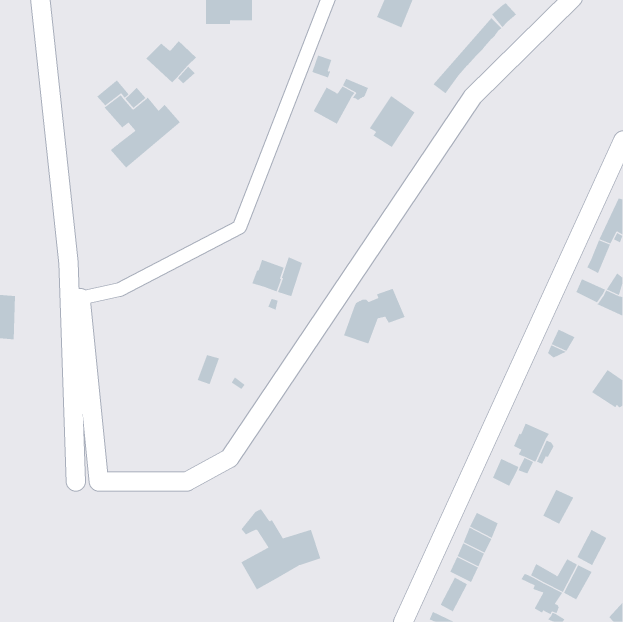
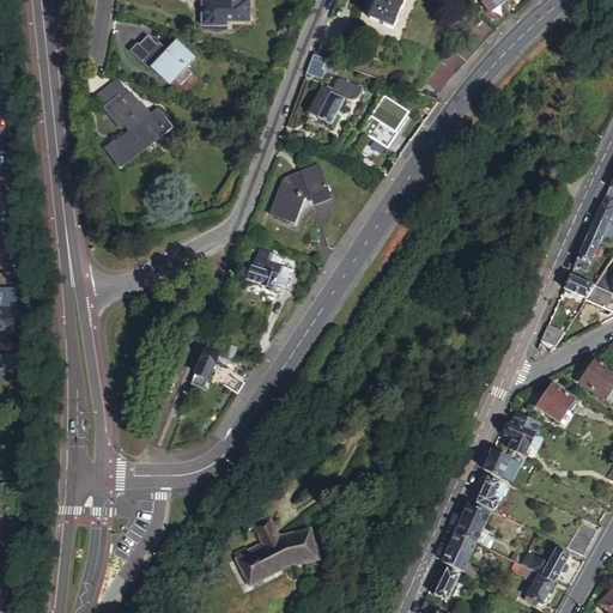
building: [343,288,405,344] -> [269,169,330,224]
building: none -> [535,387,573,423]
building: [542,489,574,524] -> [475,475,506,510]

